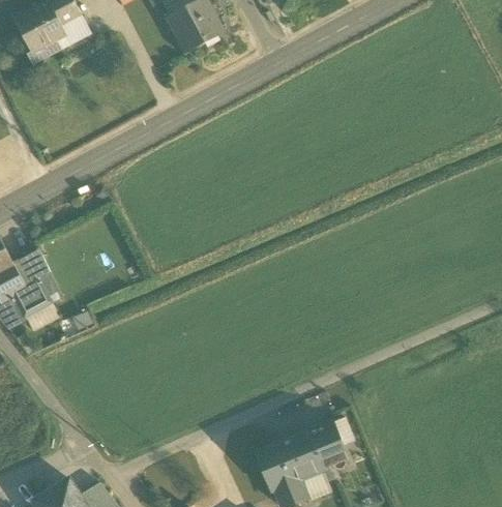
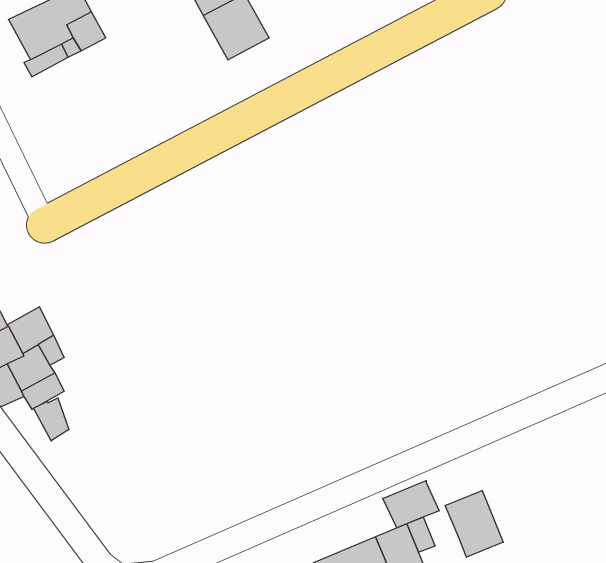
building: none -> [34,398,69,441]
building: none -> [383,481,439,528]
building: none -> [445,490,503,557]

